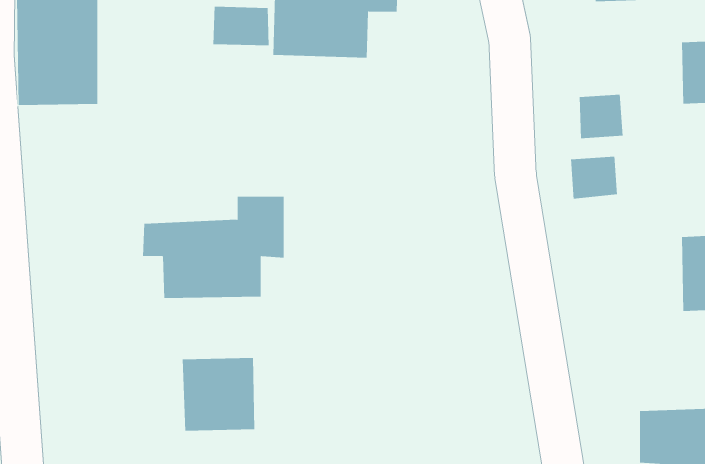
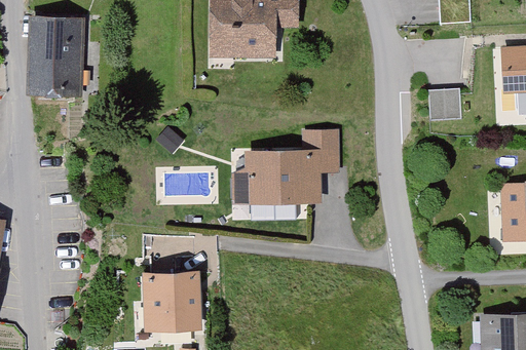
building: [213,6,269,46] -> none
building: [570,156,618,199] -> none
building: [142,196,284,298] -> [235,132,337,205]

